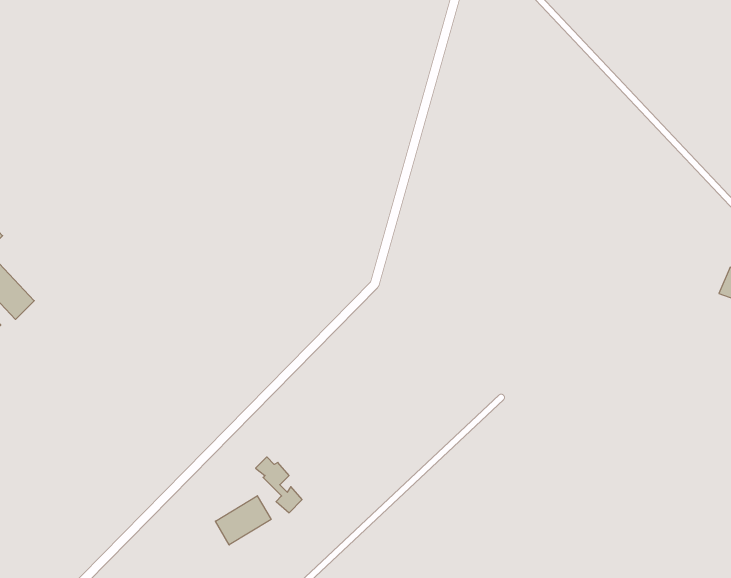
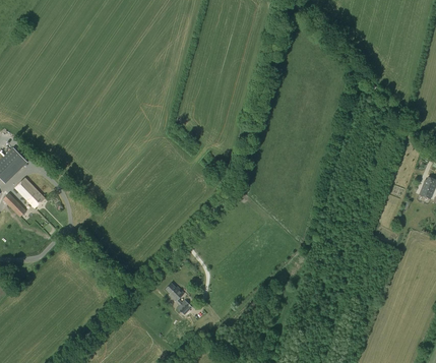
building: [215,496,271,545] -> none

